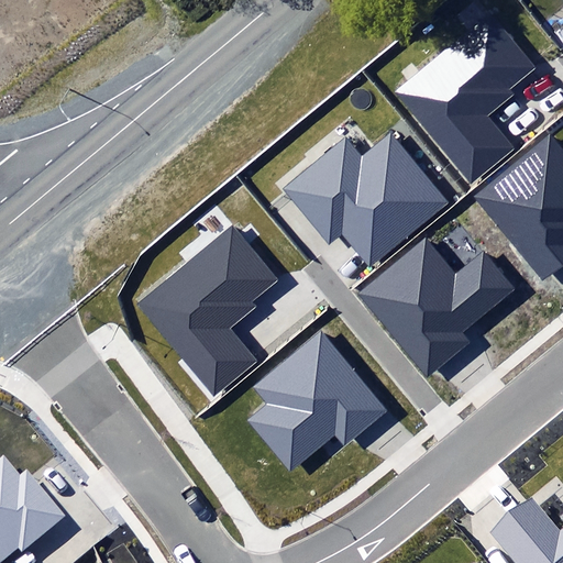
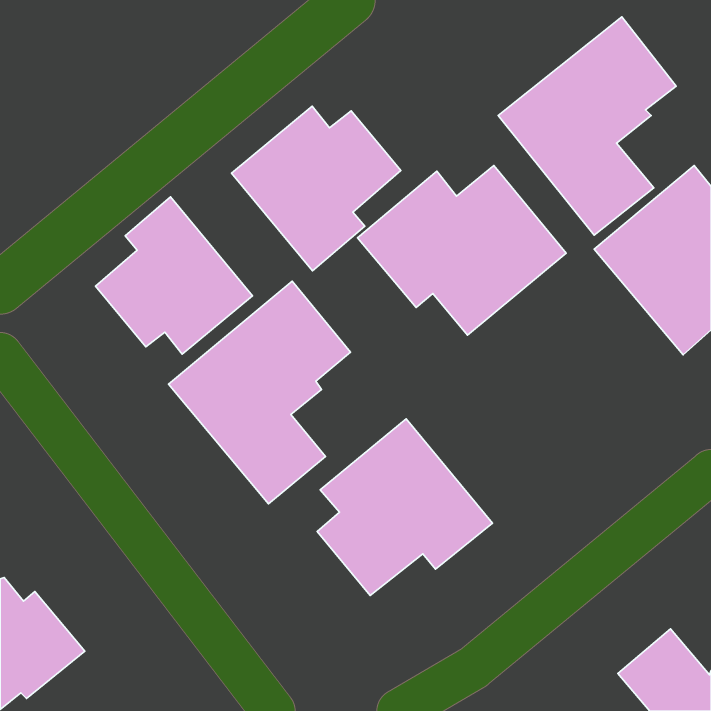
building: none -> [232,106,401,271]
building: none -> [96,197,252,354]
building: [358,240,516,377] -> none

